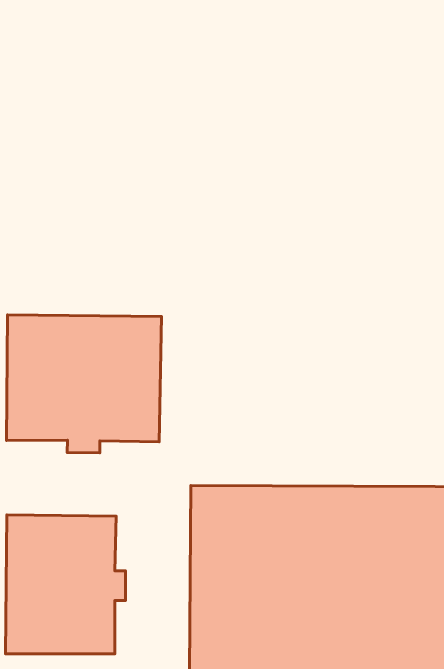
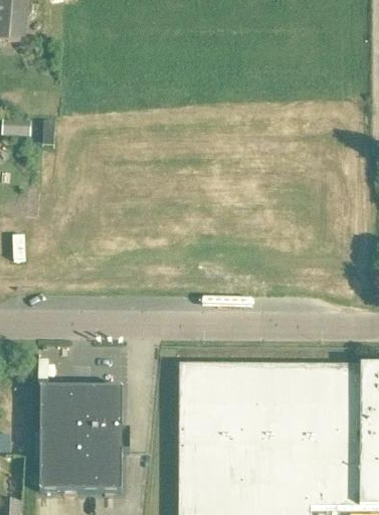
building: [7,315,162,453] -> none

